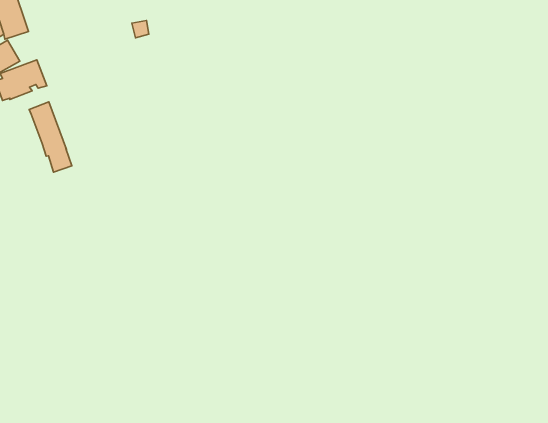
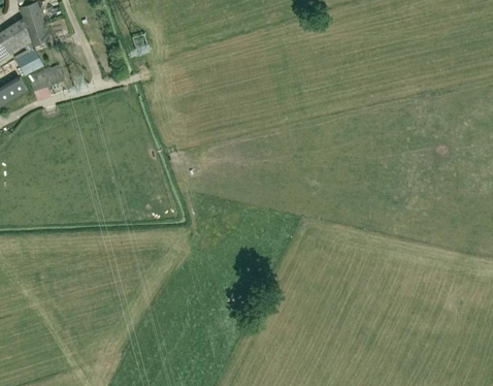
building: [29,102,72,172] -> none

